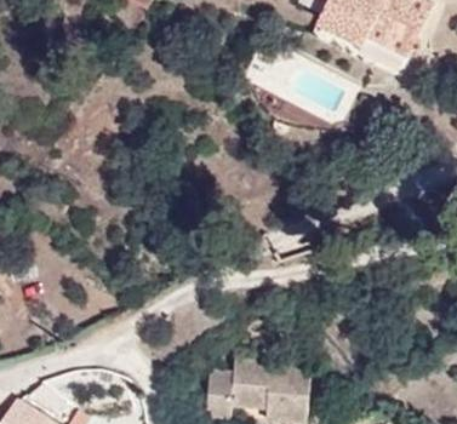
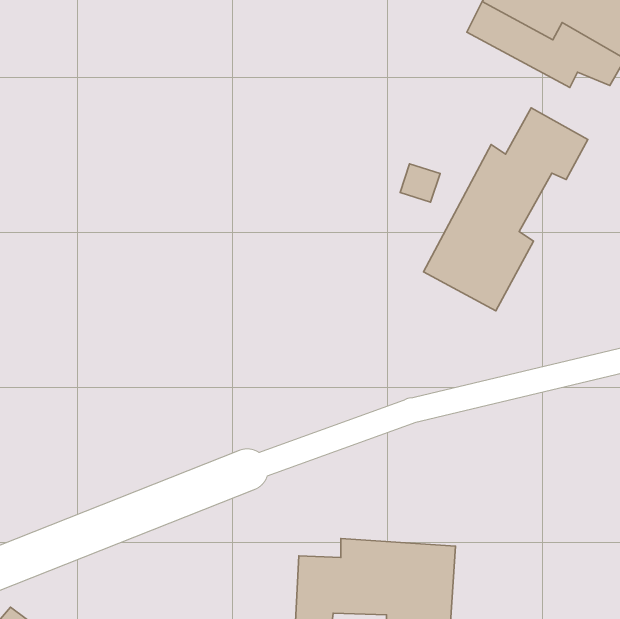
building: none -> [423,108,588,311]

